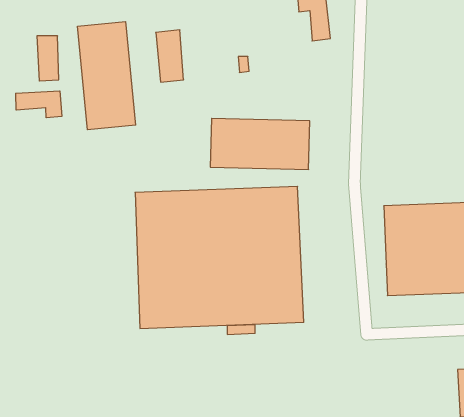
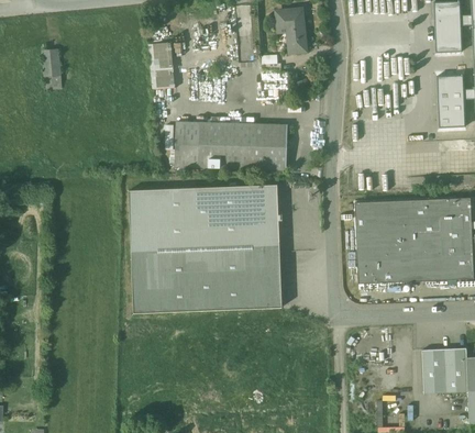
building: [78,22,136,130] -> none
building: [16,91,62,118] -> none
building: none -> [175,122,199,167]

